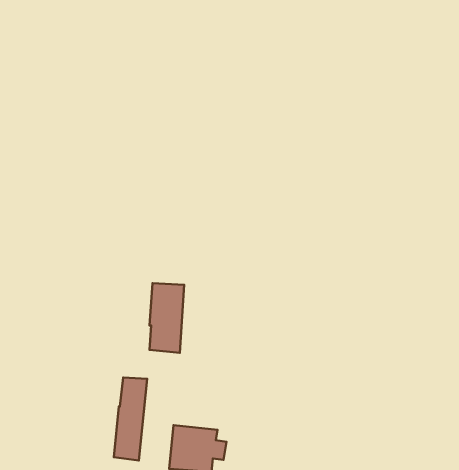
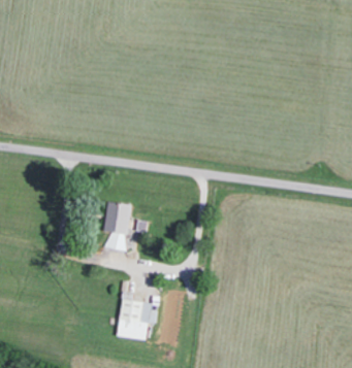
building: [114,378,147,460] -> none

